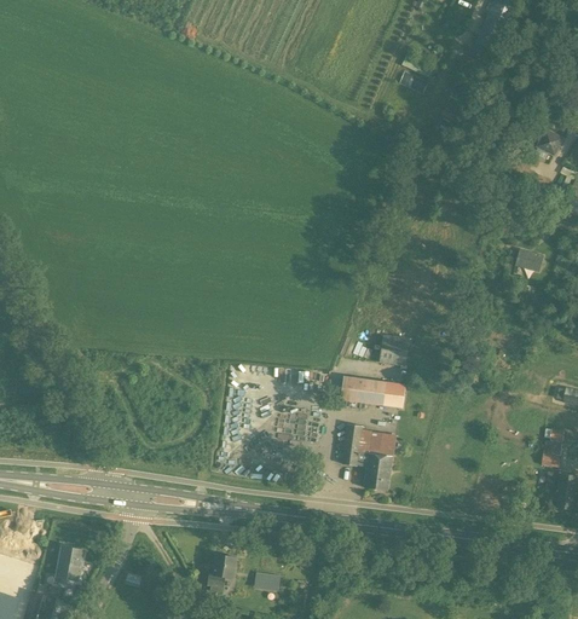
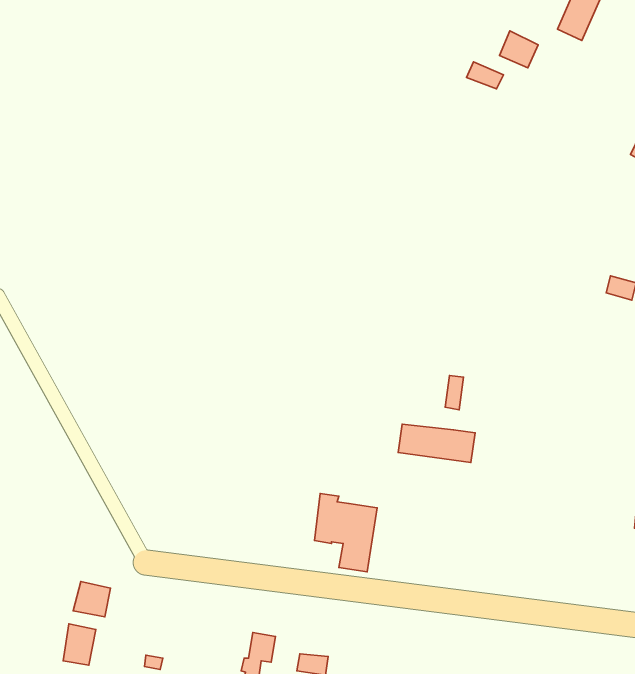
building: none -> [500,31,538,68]
building: [343,423,397,490] -> [315,493,377,572]
building: none -> [73,582,110,617]

